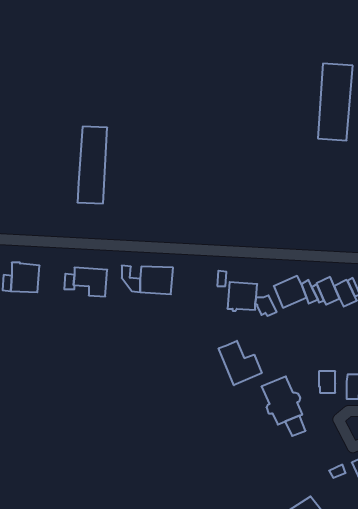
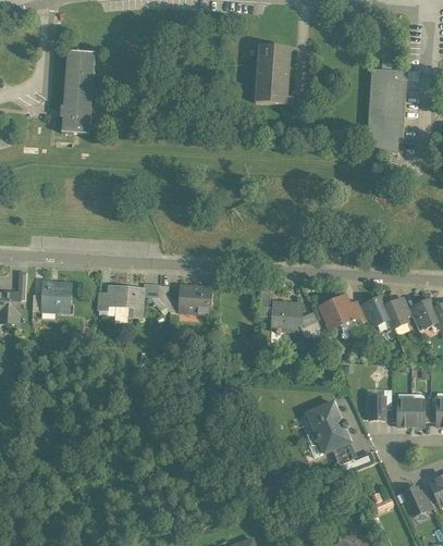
building: none -> [255,44,292,102]
building: [77,127,107,203] -> [63,50,95,132]
building: [219,341,262,385] -> none

